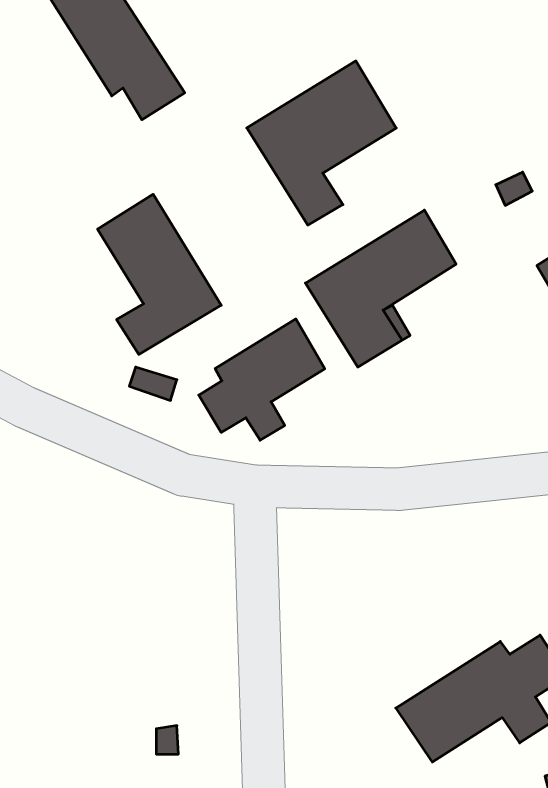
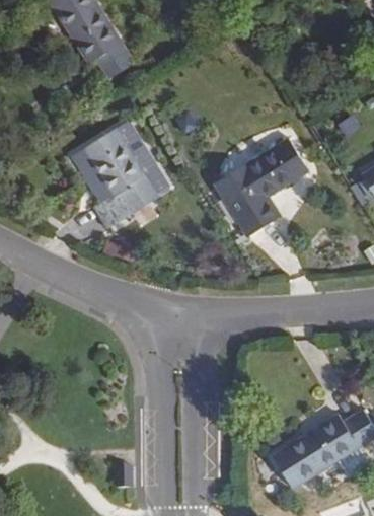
building: [247,61,396,225] -> none
building: [199,319,325,440] -> none

